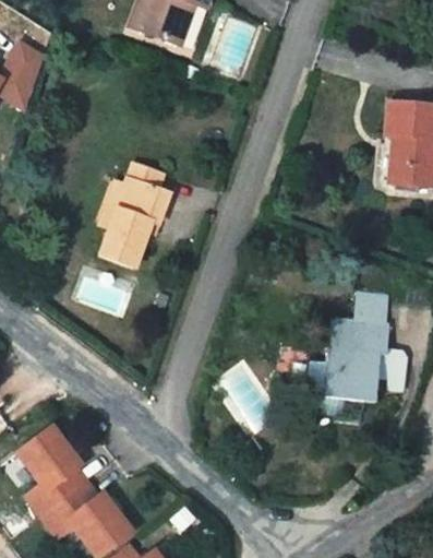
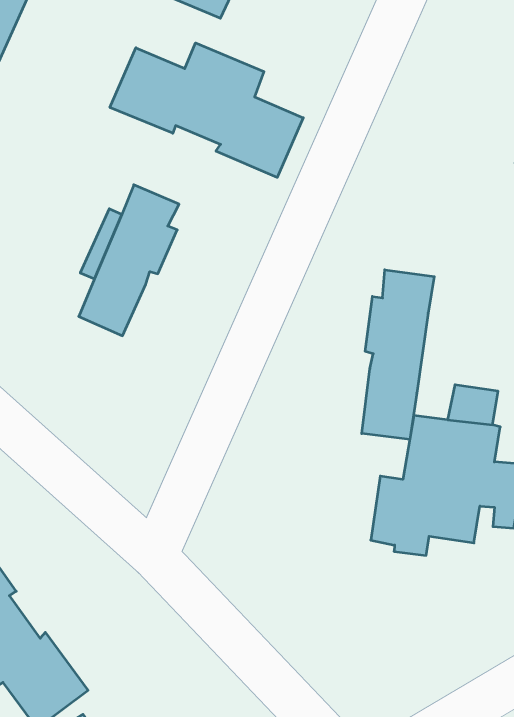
building: none -> [110,43,303,177]
building: none -> [362,270,434,440]

